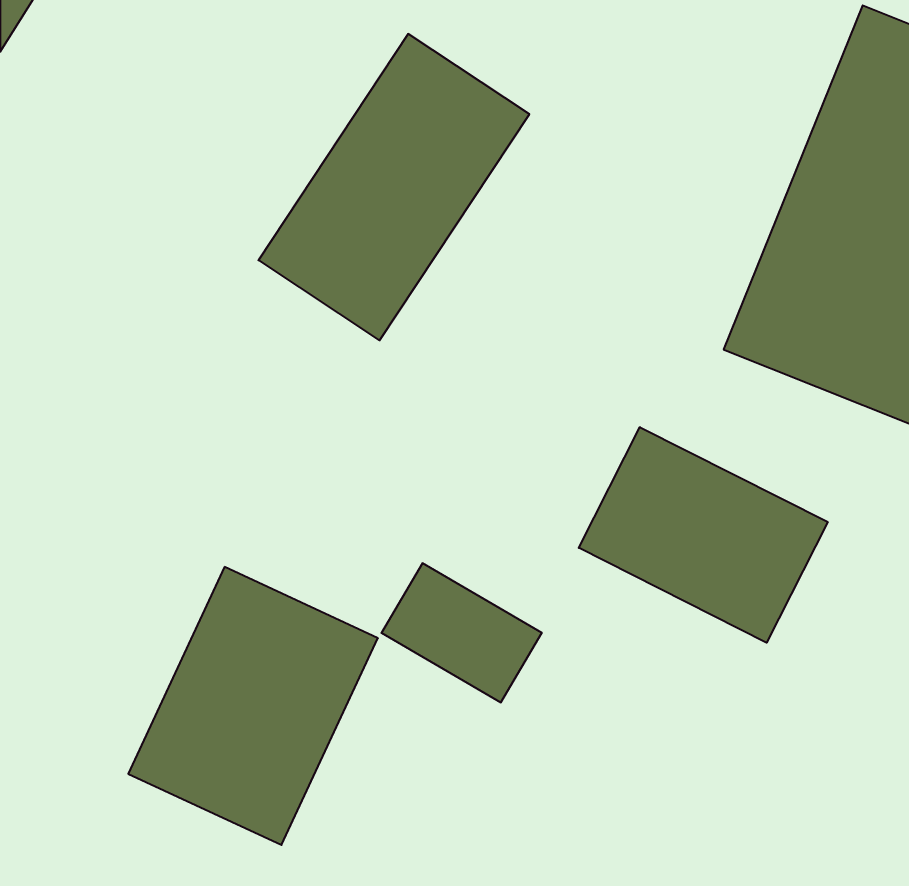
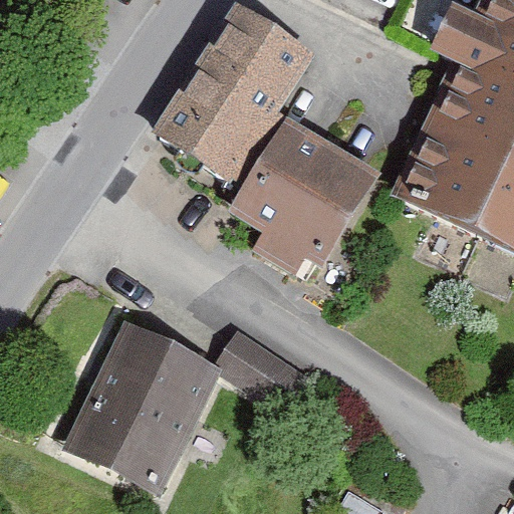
building: none -> [229,137,358,261]
building: [579,427,828,643] -> none

